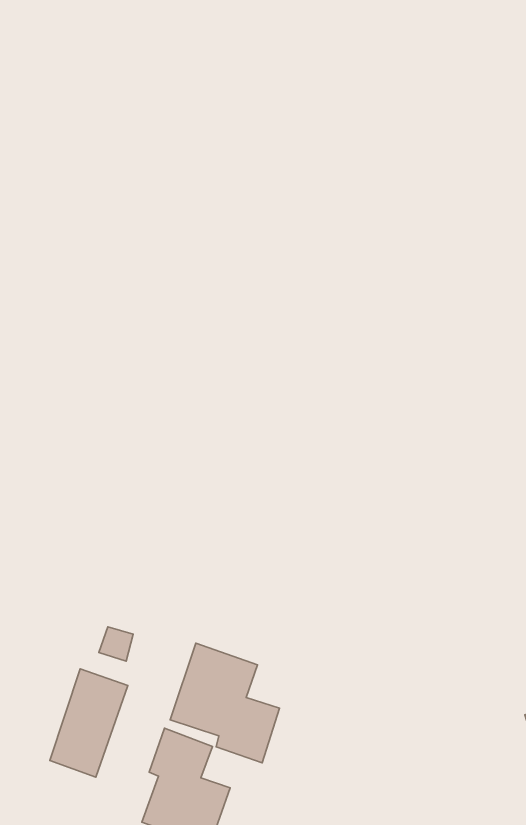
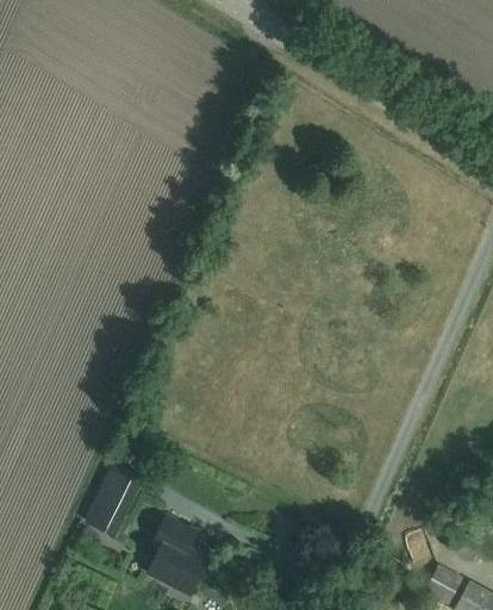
building: [170,643,279,763] -> none

